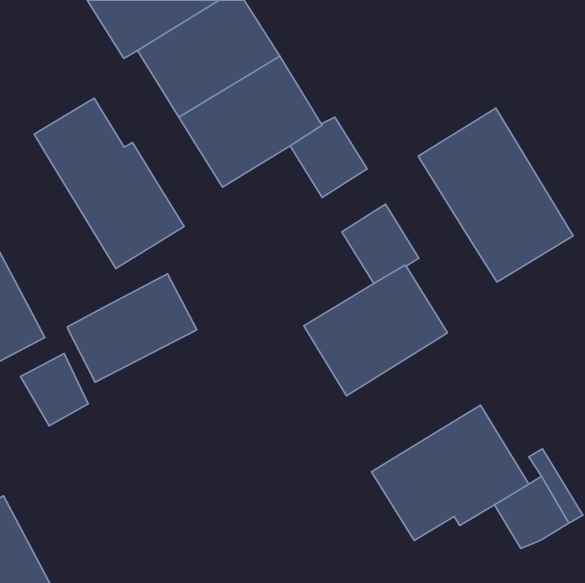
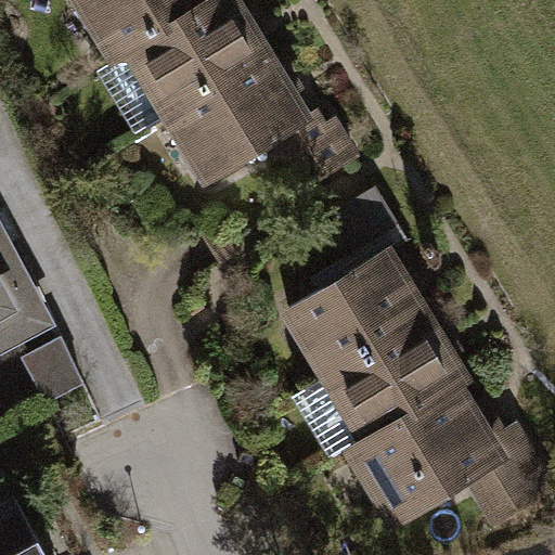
building: [34,98,184,268] -> none
building: [418,108,573,282] -> none
building: [67,274,197,382] -> none
building: none -> [327,318,462,440]

